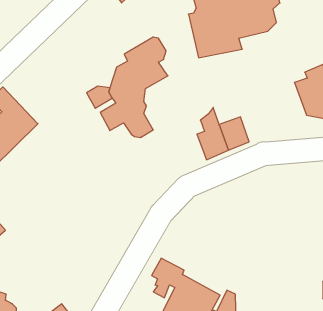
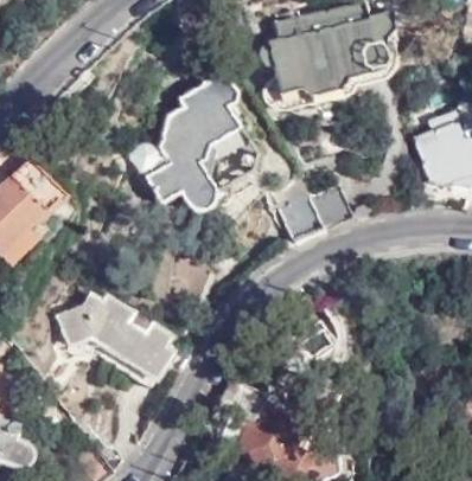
building: none -> [56,293,170,386]

